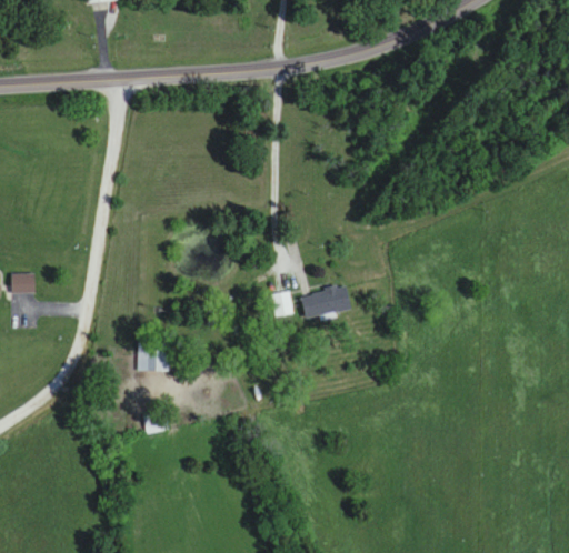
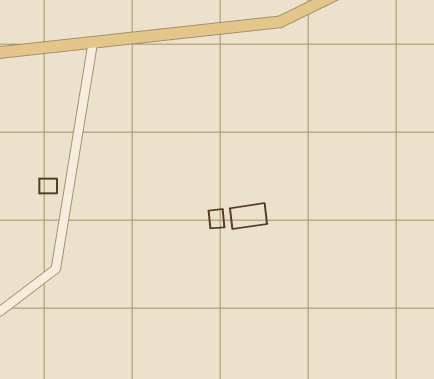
building: [11,273,34,292] -> [39,179,57,193]
building: [139,350,170,370] -> none

